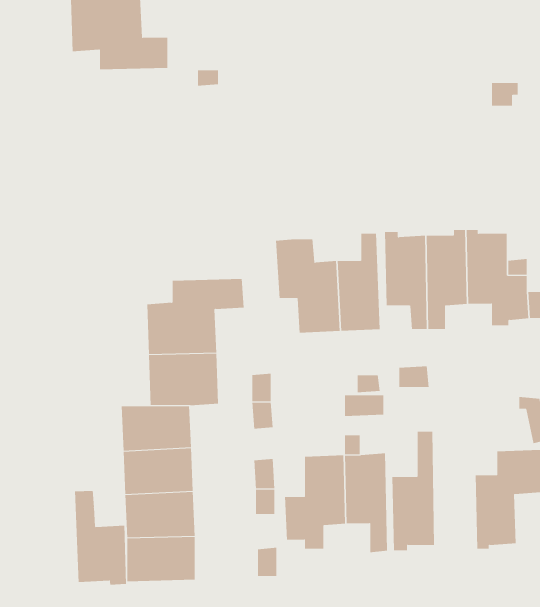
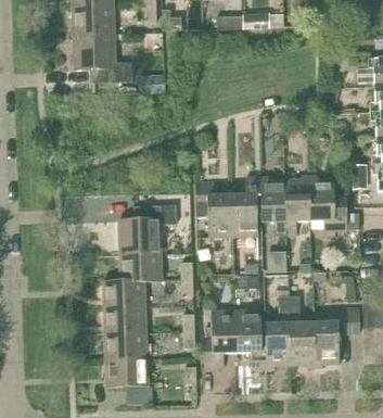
building: none -> [289,296,315,367]
building: [74,490,126,585] -> none

